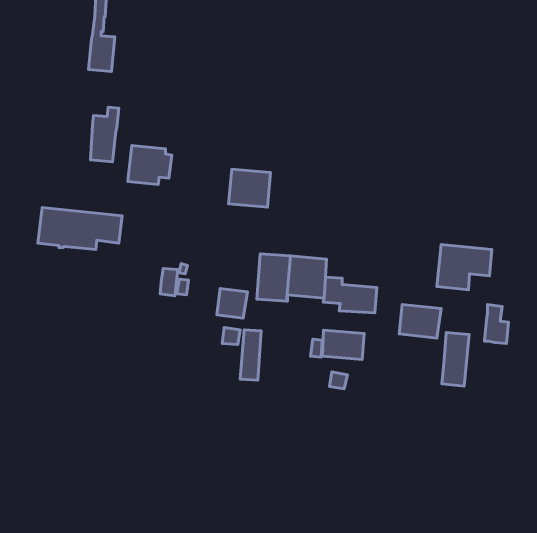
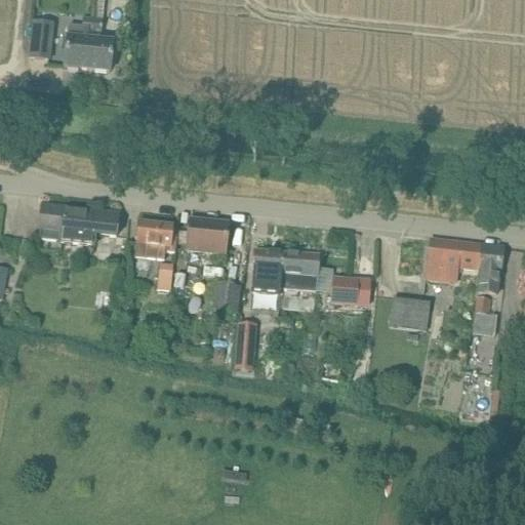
building: none -> [29,17,54,57]
building: [90,107,119,162] -> [66,14,93,68]
building: [128,146,172,185] -> [135,219,178,257]
building: [229,169,271,207] -> [188,216,229,253]
building: [322,330,364,359] -> none
building: [442,332,469,386] -> [476,242,502,294]

